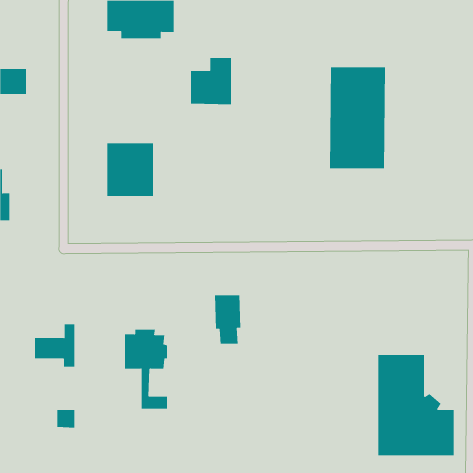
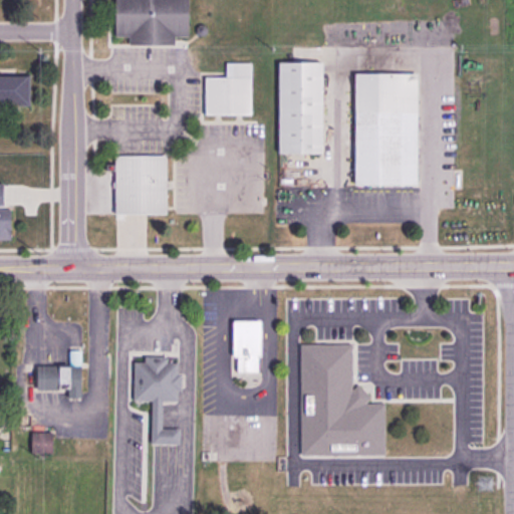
building: none -> [279,61,323,152]
building: [378,355,455,456] -> [301,344,384,454]
building: [57,409,75,428] -> [32,433,52,453]

